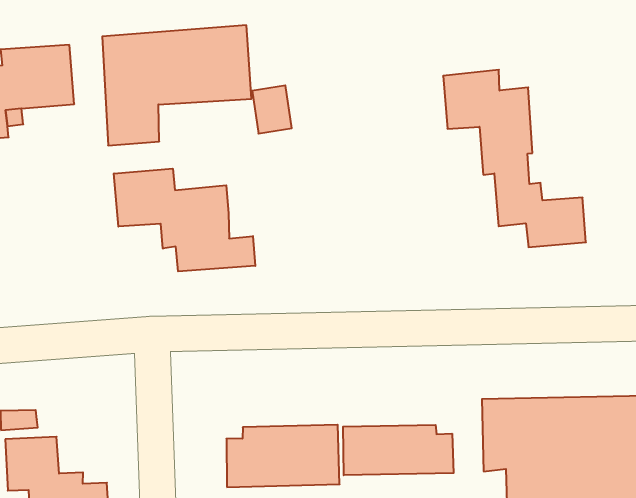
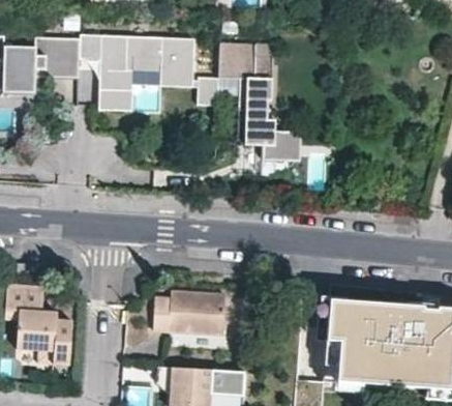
building: [443,70,586,247] -> [219,41,301,158]
building: [114,169,255,271] -> none
building: [343,425,454,475] -> none

